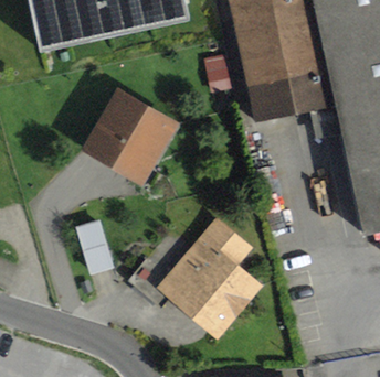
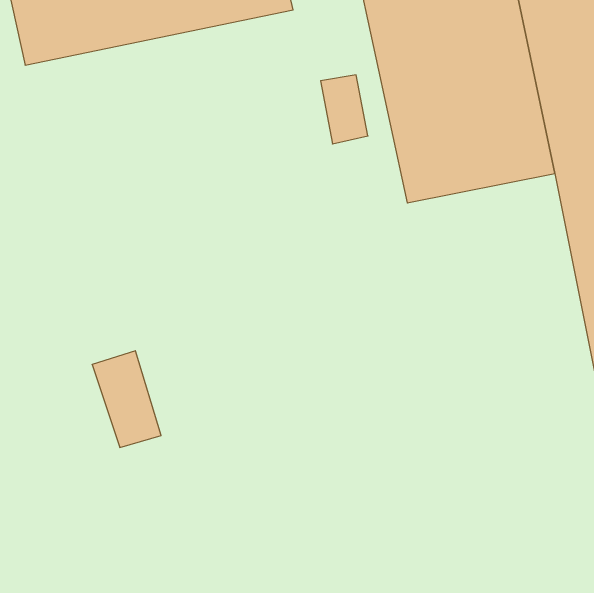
building: [80,87,181,188] -> none
building: [157,214,263,336] -> none

